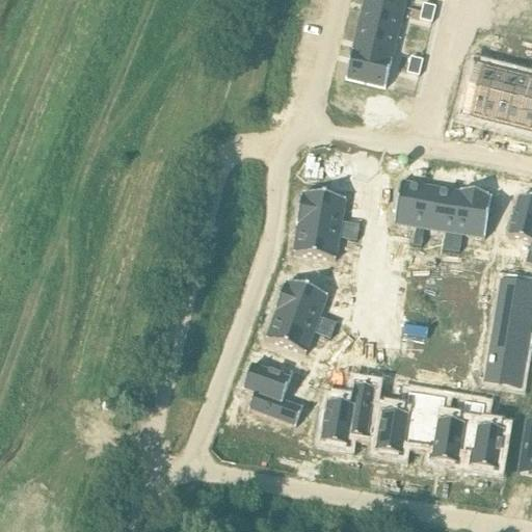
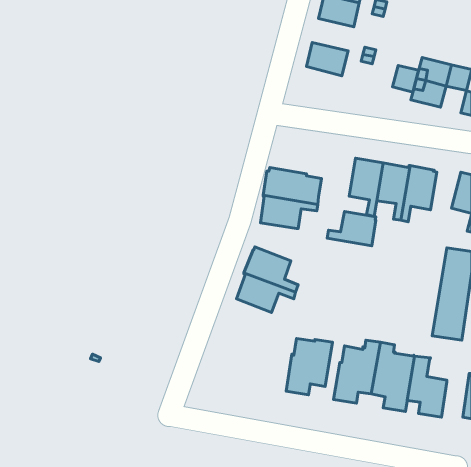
building: [352,21,399,57] -> none
building: [497,97,526,127] -> [393,65,418,92]
building: none -> [327,212,376,246]
building: [243,362,303,423] -> none

